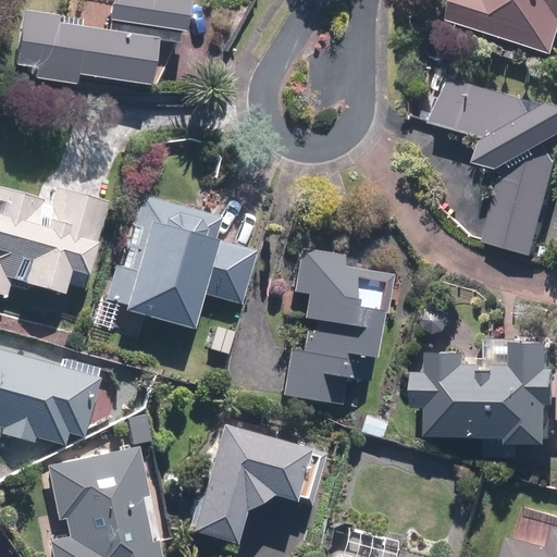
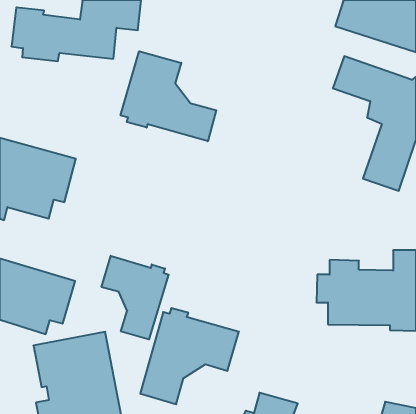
building: none -> [121,51,216,141]
building: [110,190,255,326] -> none
building: [282,247,386,405] -> none
building: none -> [102,256,169,339]

